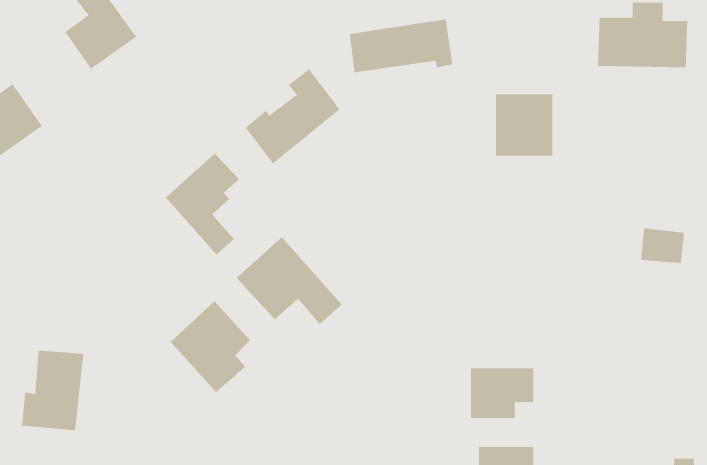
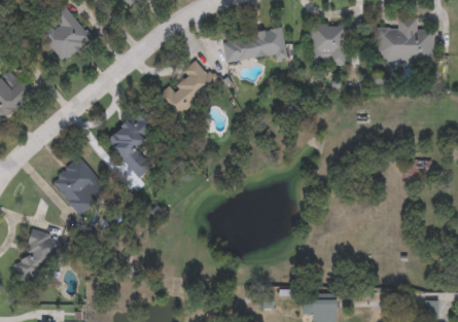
building: [495,93,553,156] -> [311,24,347,63]
building: [236,237,342,325] -> none
building: [170,300,251,393] -> [49,155,100,213]
building: [470,367,534,419] -> none

